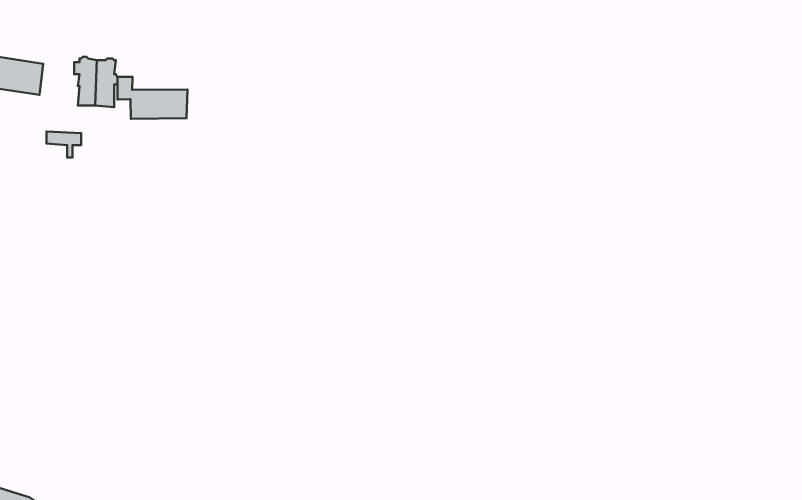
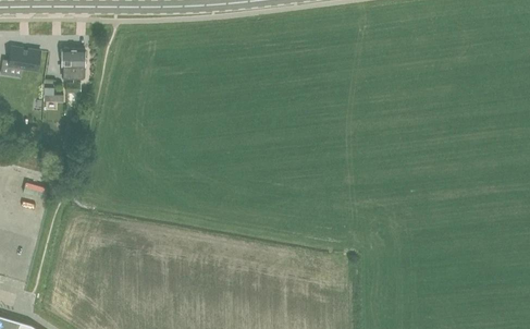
building: [118,77,188,119] -> none

